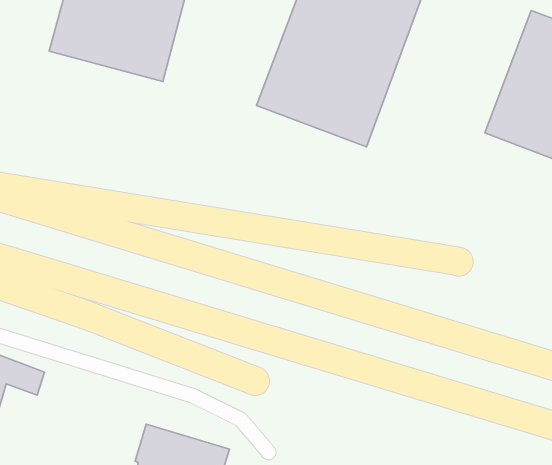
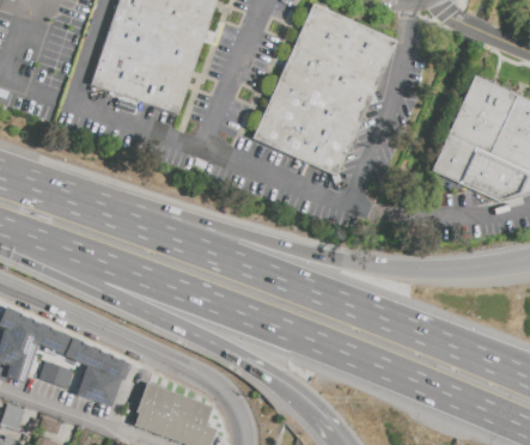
building: none -> [65,336,129,407]
building: none -> [37,360,72,389]

